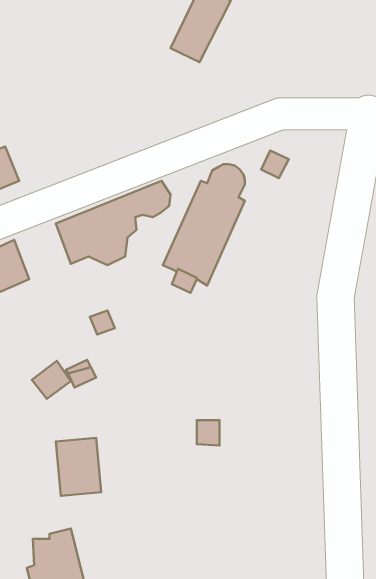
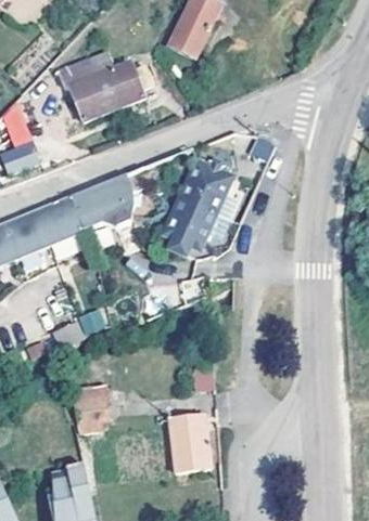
building: none -> [58,51,153,119]
building: none -> [35,197,84,245]
building: none -> [167,415,212,474]

